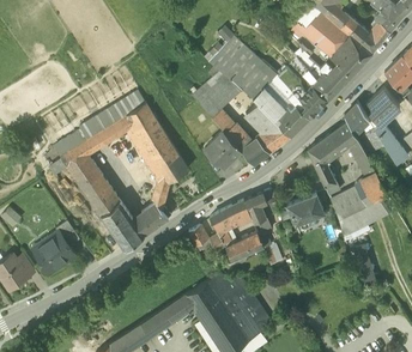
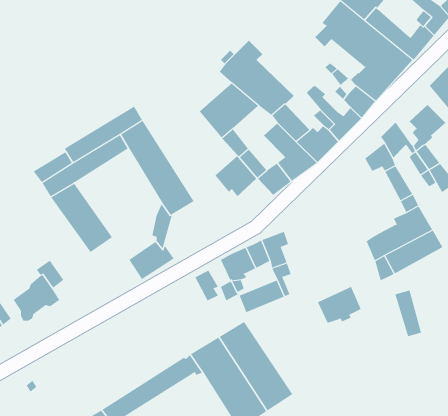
building: [308,134,340,188] -> none
building: [286,195,323,226] -> [317,286,361,323]
building: [101,200,144,249] -> none

